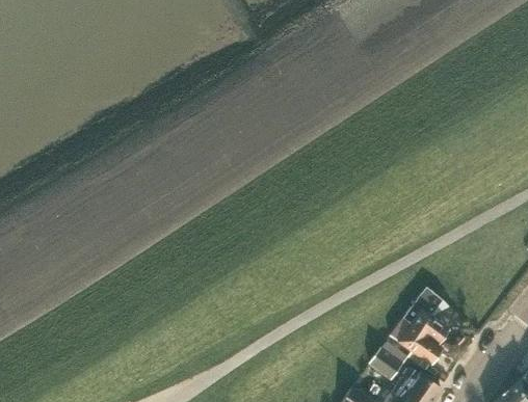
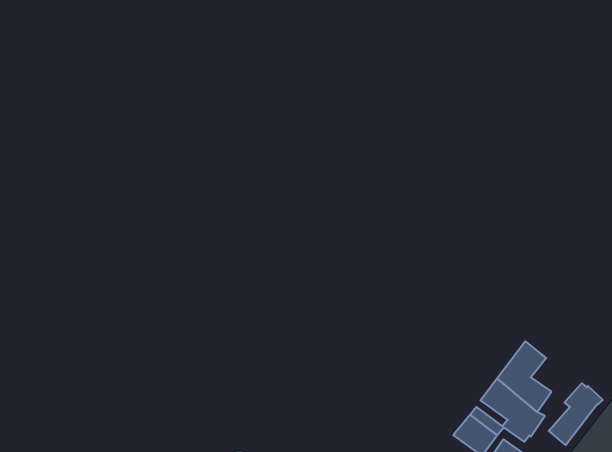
building: none -> [549,383,603,445]

